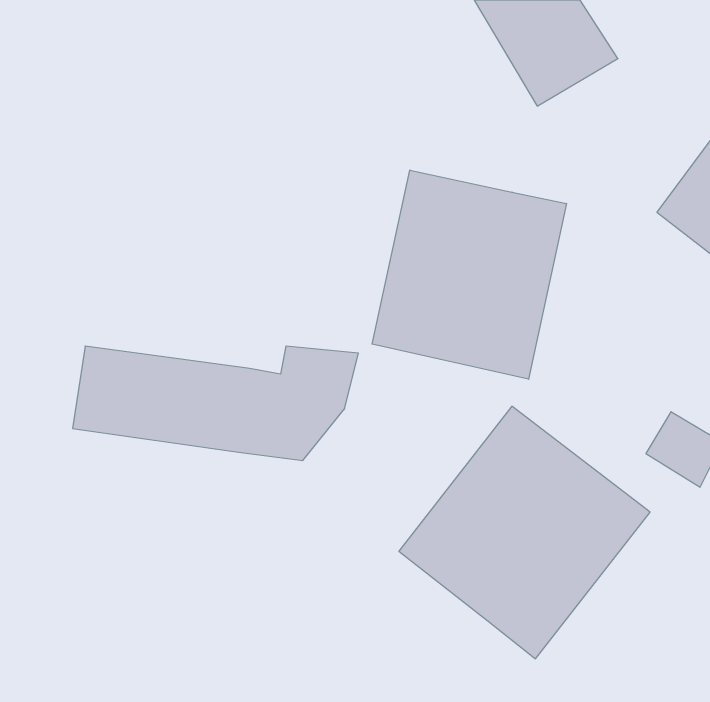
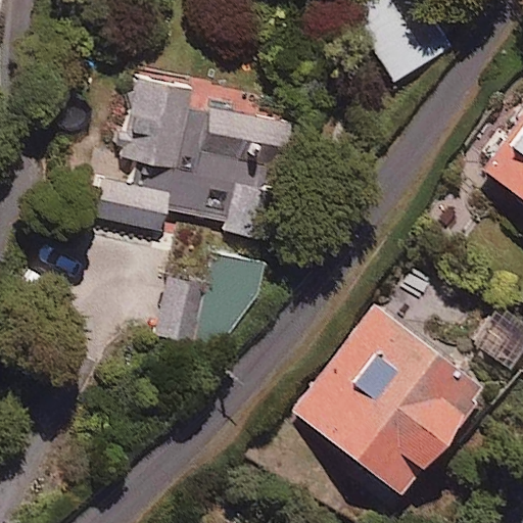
building: none -> [88,78,289,234]
building: [372,170,566,379] -> none

